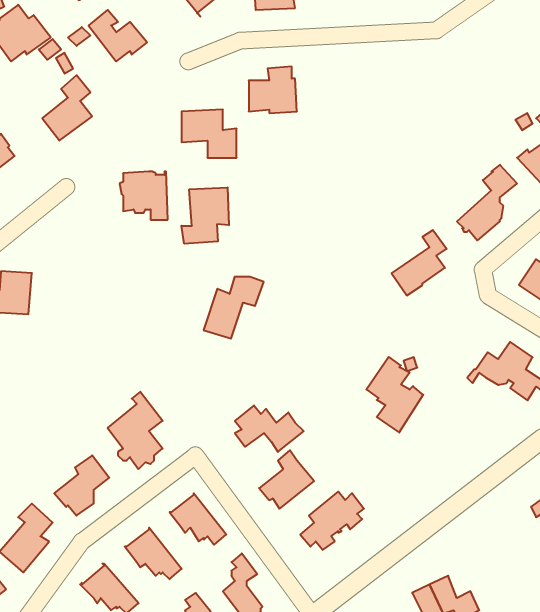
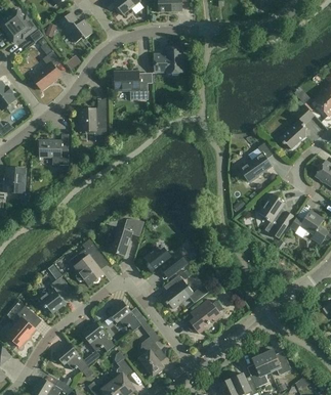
building: [181,187,229,244] -> none
building: none -> [40,133,69,164]
building: [204,277,264,339] -> [109,218,144,255]
building: [366,357,423,433] -> [259,192,293,237]

